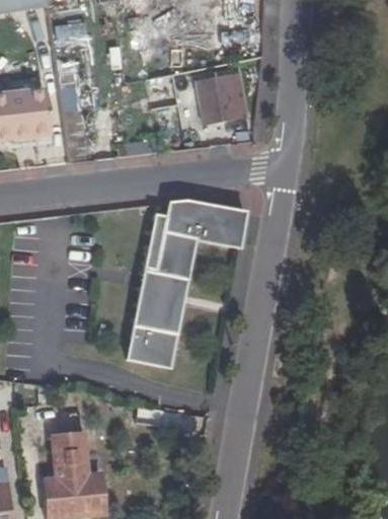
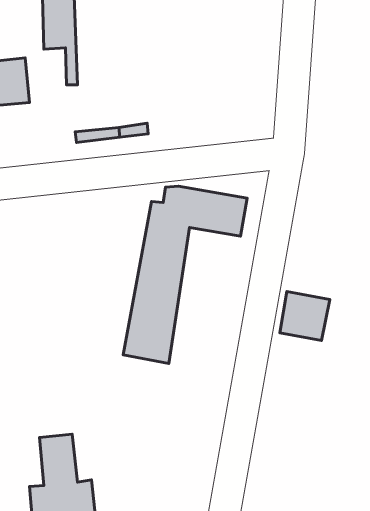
building: [193,73,245,125] -> none
building: none -> [280,292,330,341]

